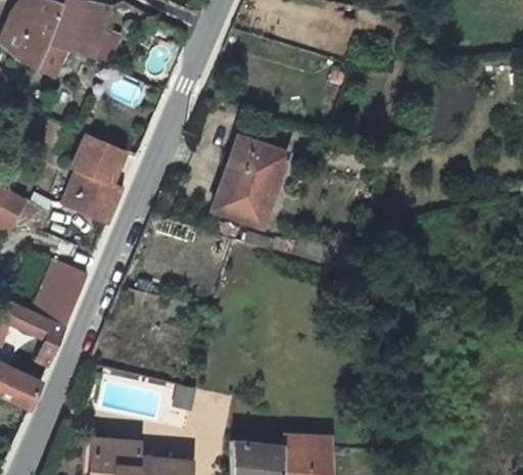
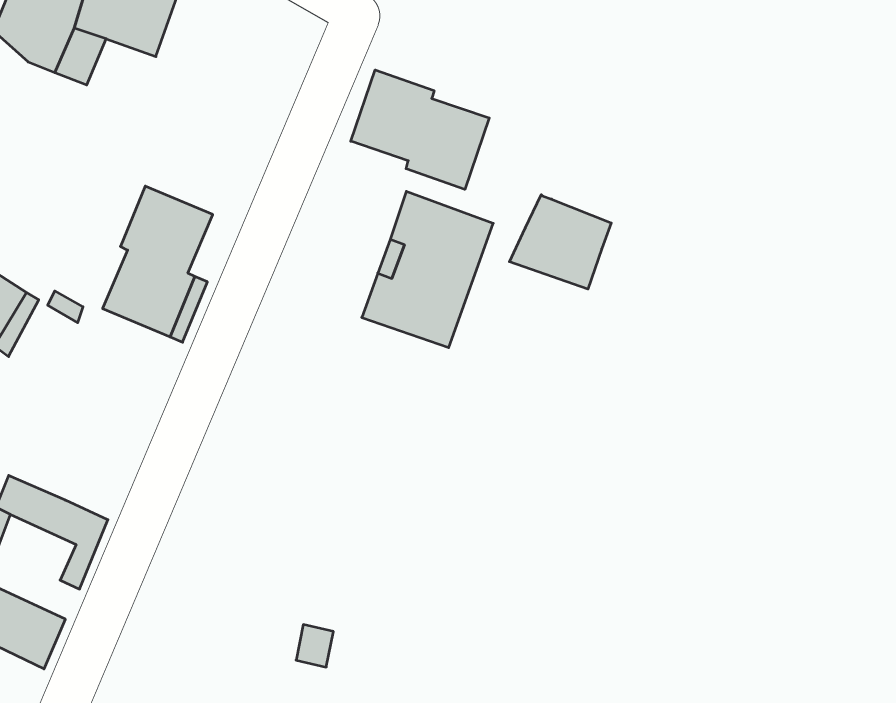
building: none -> [351,70,489,189]
building: none -> [509,195,611,289]
building: [35,258,88,325] -> none

